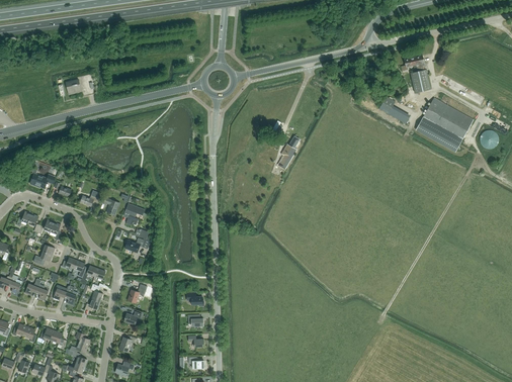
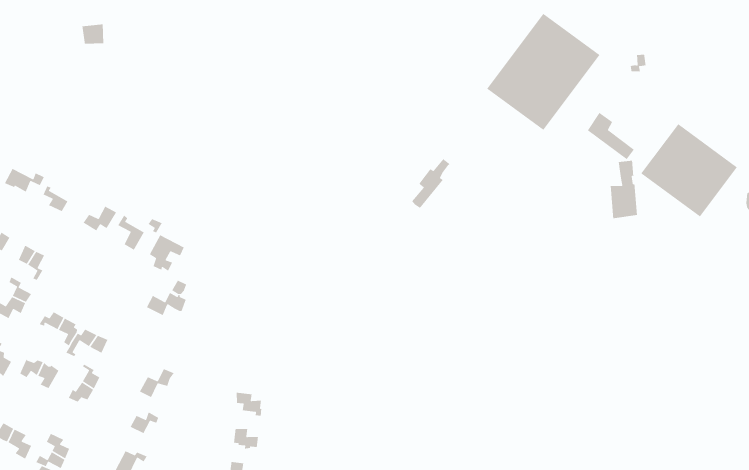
building: none -> [486,13,601,131]
building: [411,56,430,93] -> [610,160,638,219]

